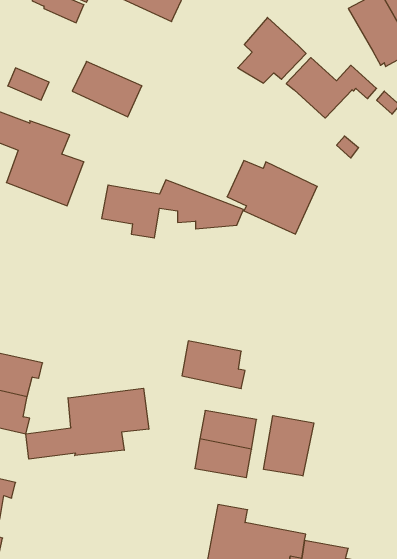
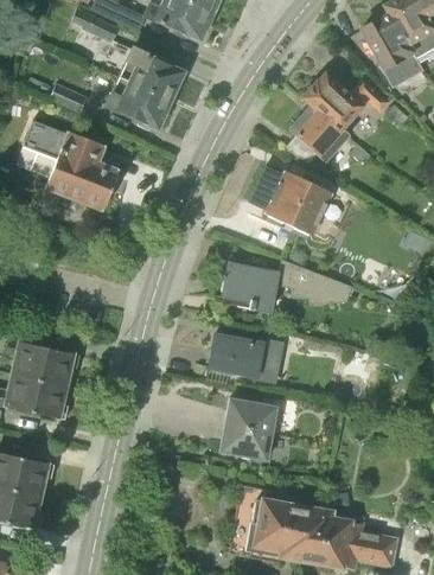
building: [238,17,306,83] -> [285,103,347,164]
building: none -> [121,49,184,100]
building: [102,180,243,238] -> [223,260,353,313]
building: [26,388,149,459] -> none
building: [264,416,314,476] -> none

